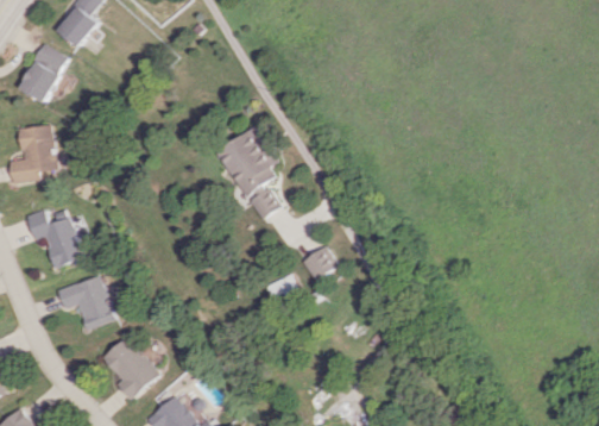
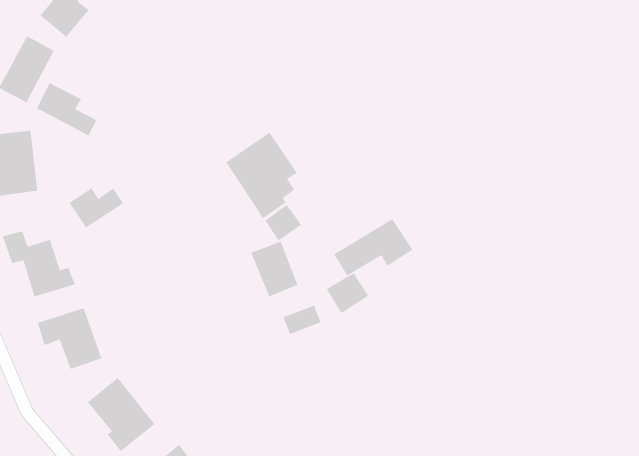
building: none -> [36,82,97,136]
building: none -> [69,187,124,229]
building: none -> [333,218,413,276]
building: none -> [250,241,299,297]

